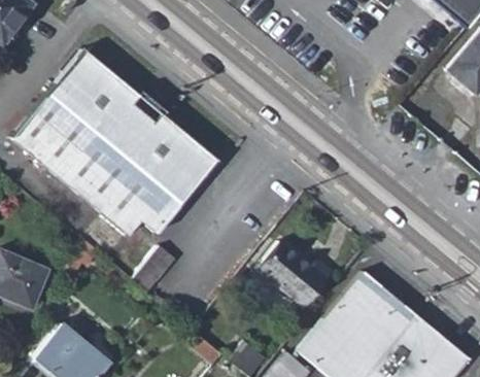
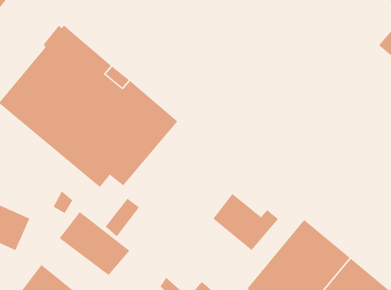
building: none -> [59,211,130,276]

